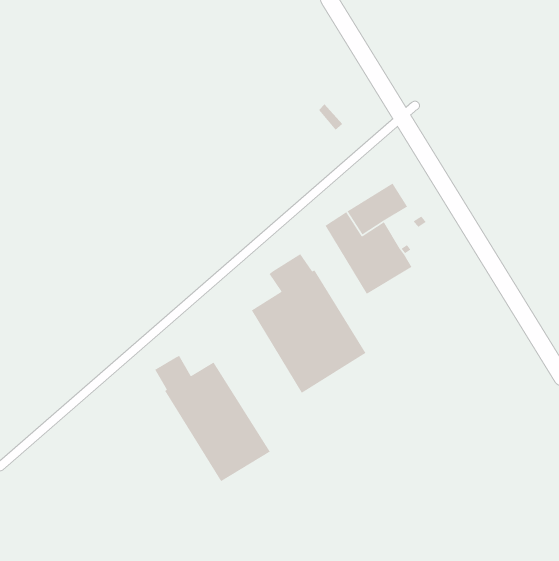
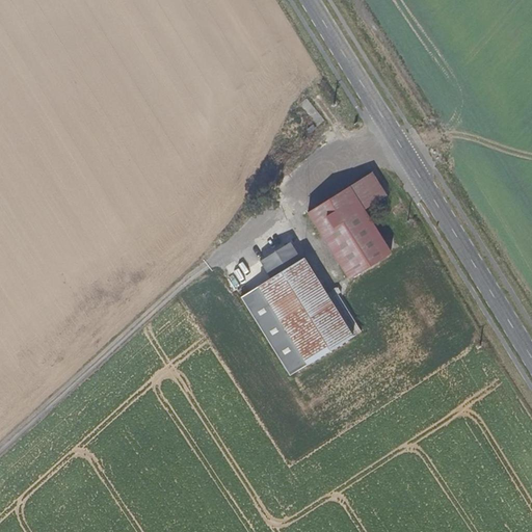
building: [154,355,271,482] -> none

